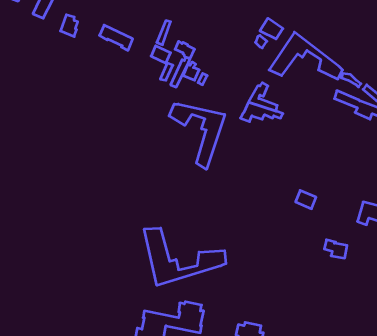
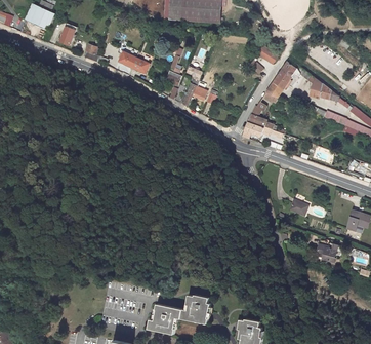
building: [169,104,225,169] -> none
building: [144,228,226,285] -> none

